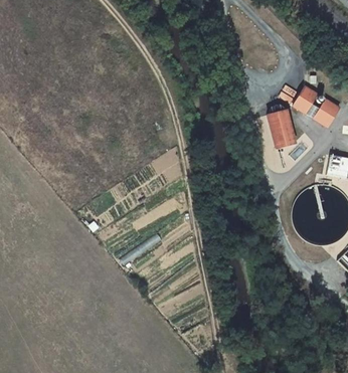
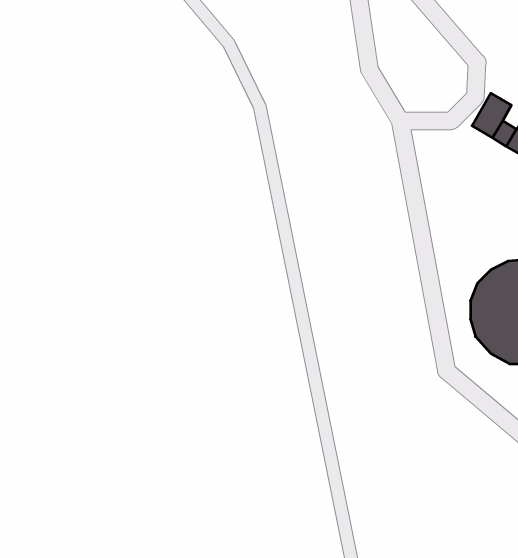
building: [267,110,294,148] -> none

